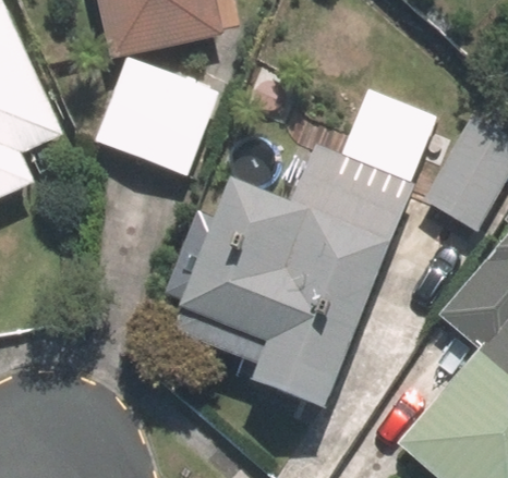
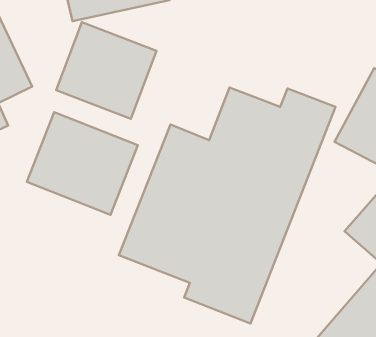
building: none -> [27,112,138,215]

